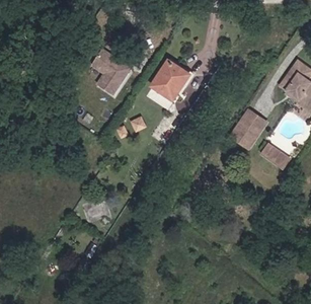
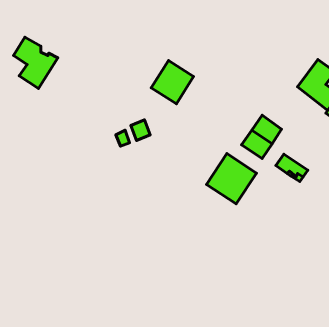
building: [95,46,135,91] -> [13,37,58,89]
building: none -> [206,154,257,204]

